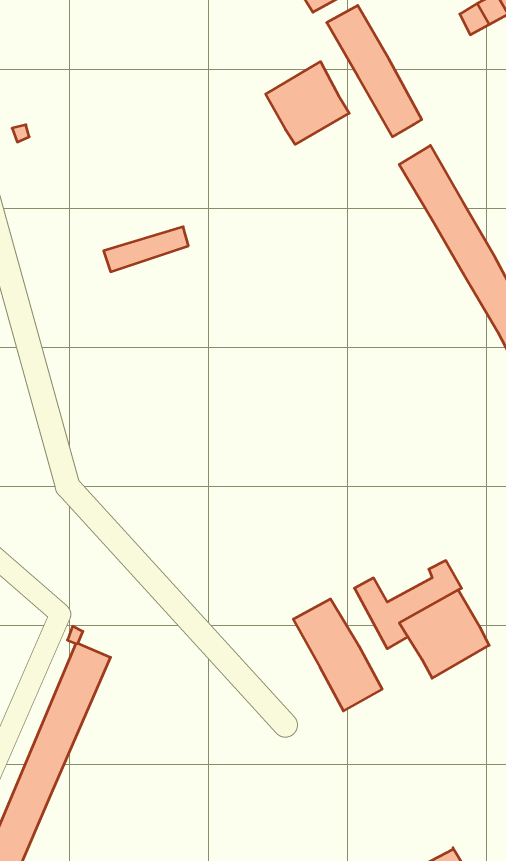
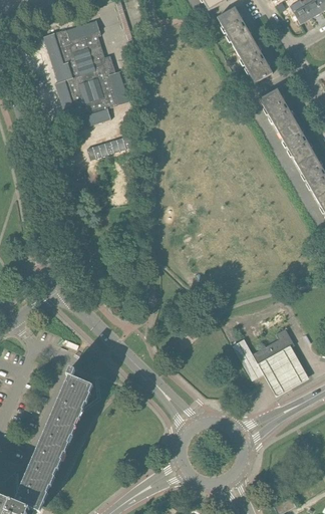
building: none -> [42,18,128,126]
building: [266,62,349,144] -> none
building: [293,599,382,711] -> none

